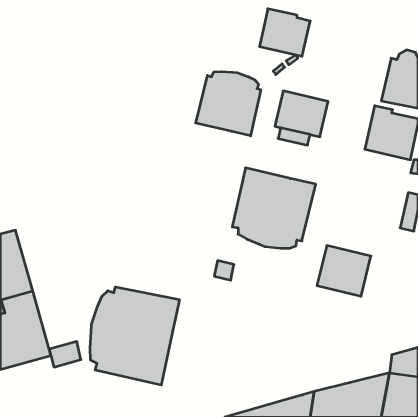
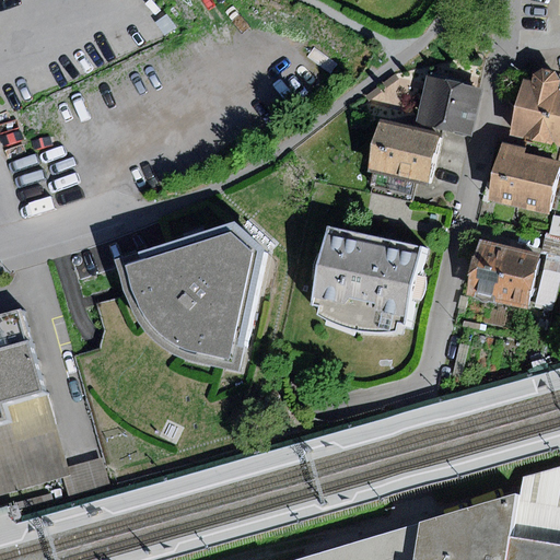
building: [259,9,310,56] -> [416,71,483,135]
building: [196,72,261,136] -> none
building: none -> [126,231,254,359]
building: [317,246,371,296] -> [467,240,539,307]
building: [90,287,179,385] -> none

